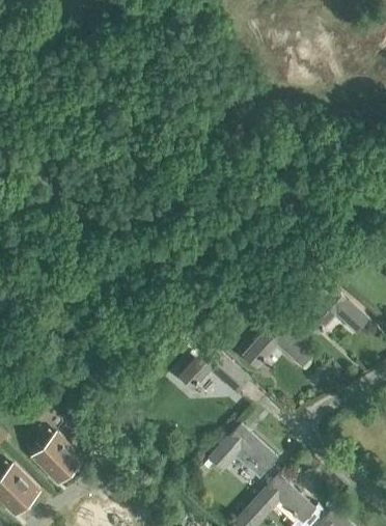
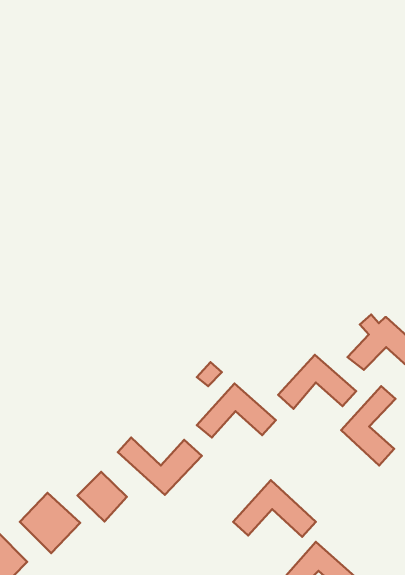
building: none -> [341,386,395,466]
building: none -> [118,437,202,495]
building: none -> [77,472,127,521]

